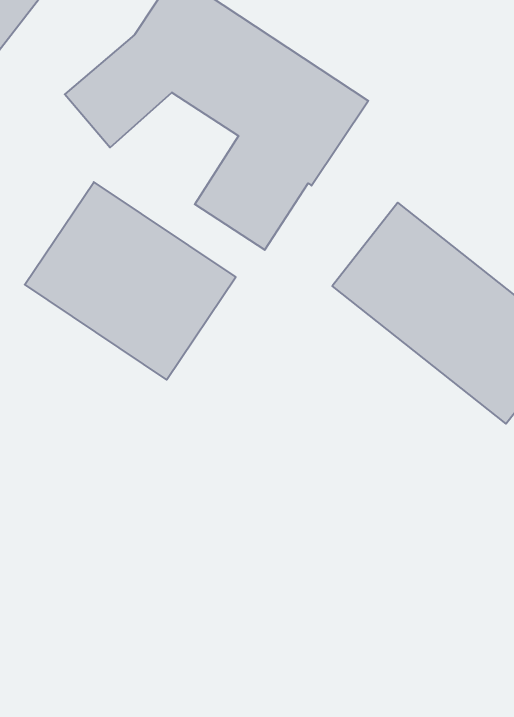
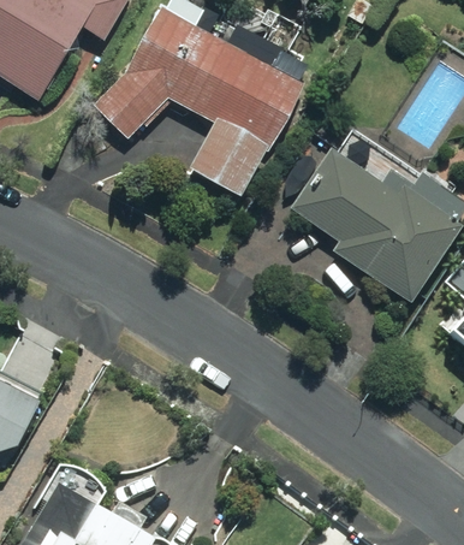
building: [25,182,236,380] -> none

